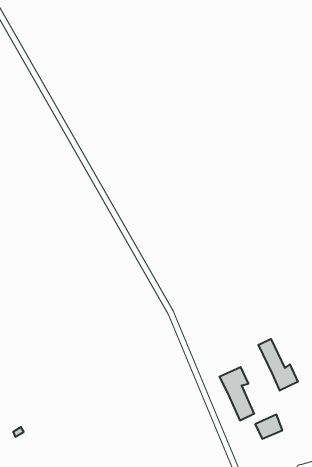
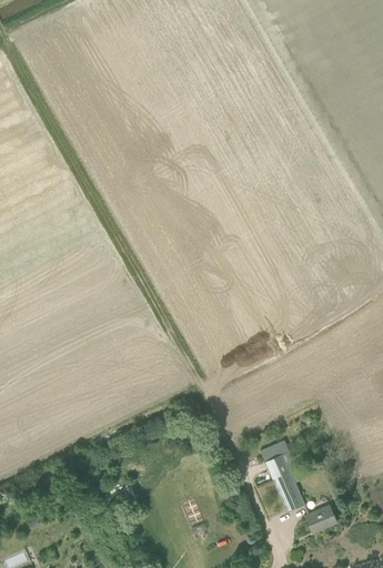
building: [258,339,298,391] -> none

